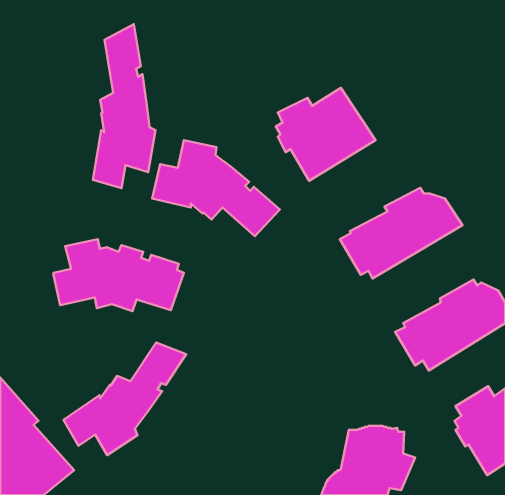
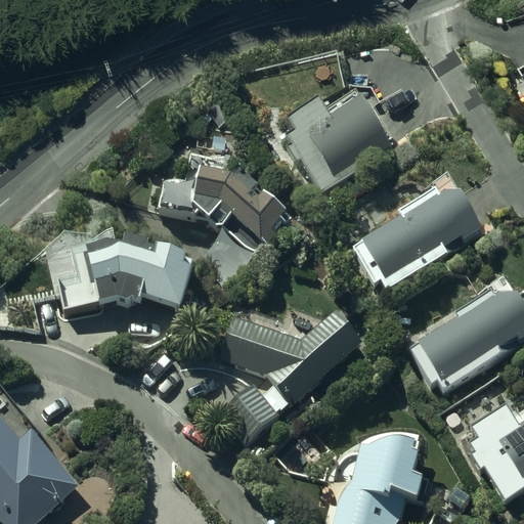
building: [93,24,156,188] -> none
building: none -> [220,302,361,434]
building: [63,342,186,455] -> none

